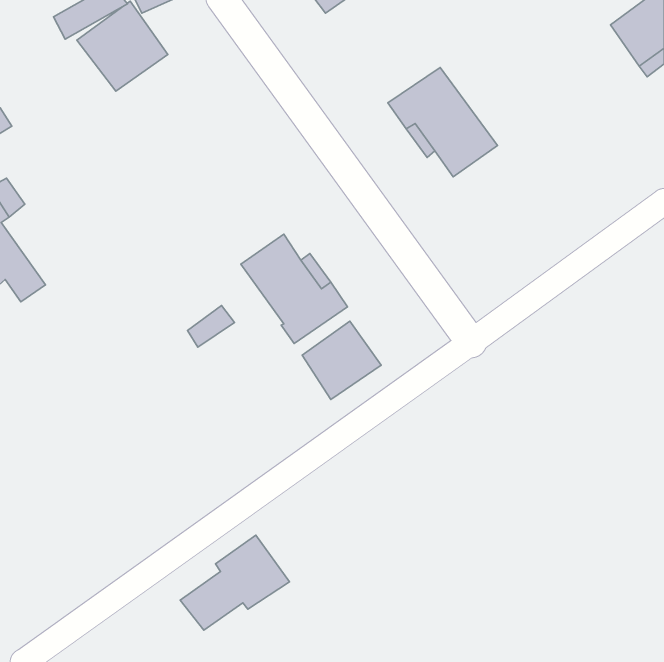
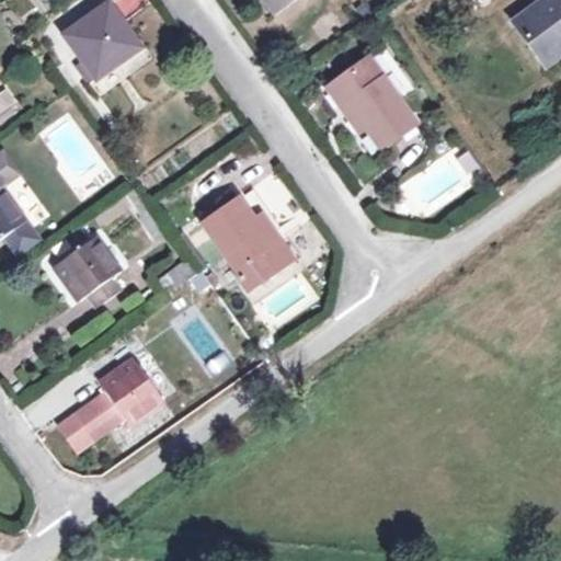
building: none -> [54,236,122,308]
building: [302,321,381,399] -> none
building: [180,535,290,630] -> [71,359,163,439]

